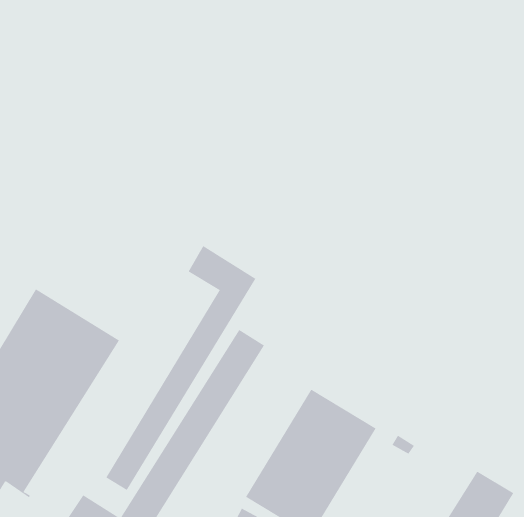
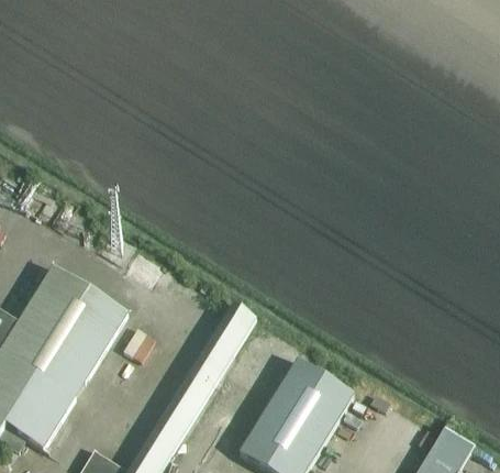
building: [105,245,256,491] -> none

